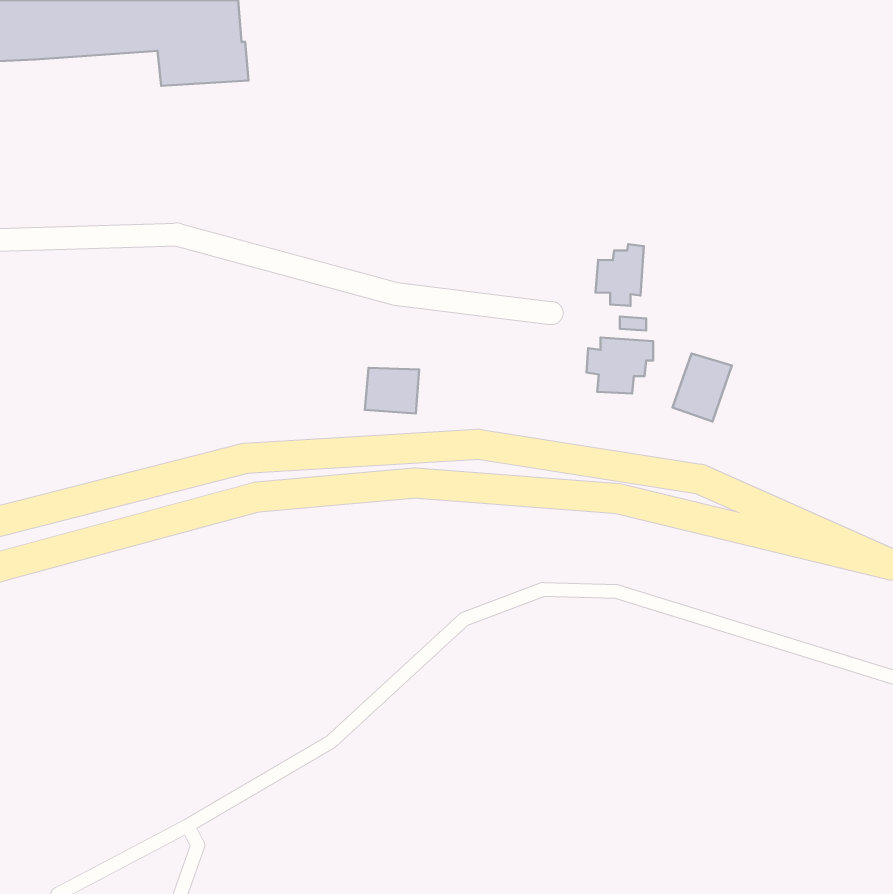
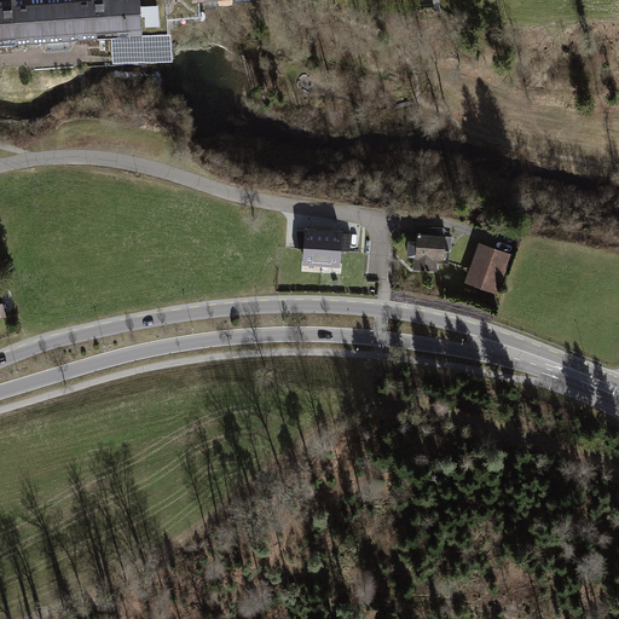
building: [595,244,644,306] -> none
building: [365,368,419,413] -> [302,232,340,264]

